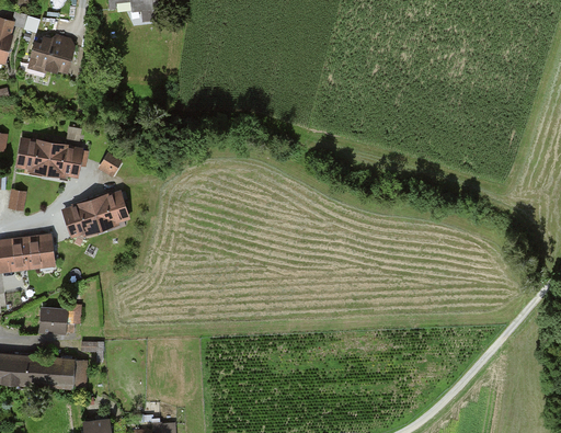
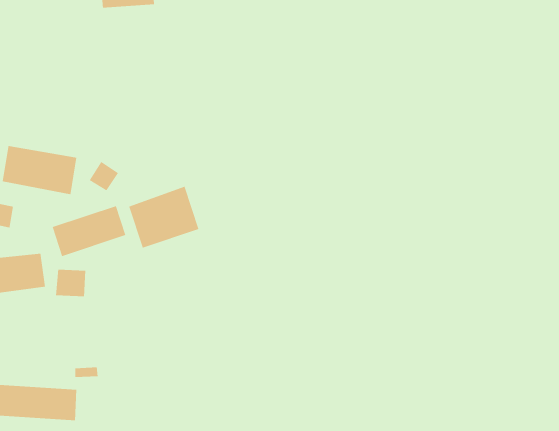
building: [28,36,78,75] -> none
building: none -> [129,186,199,248]
building: [38,309,67,334] -> [55,269,86,297]

